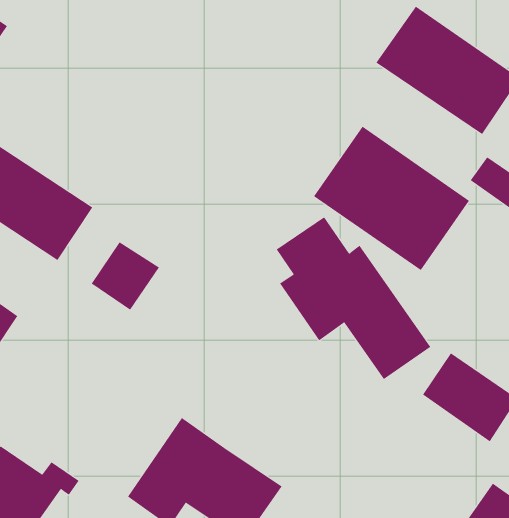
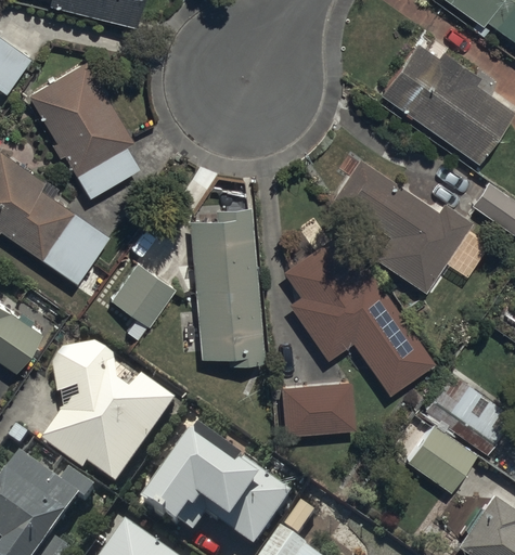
building: none -> [29,63,144,194]
building: none -> [186,207,265,365]
building: none -> [43,343,178,485]
building: none -> [280,384,355,439]
building: none -> [407,425,475,492]

